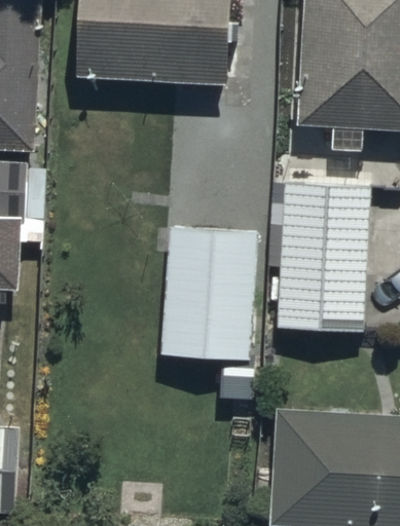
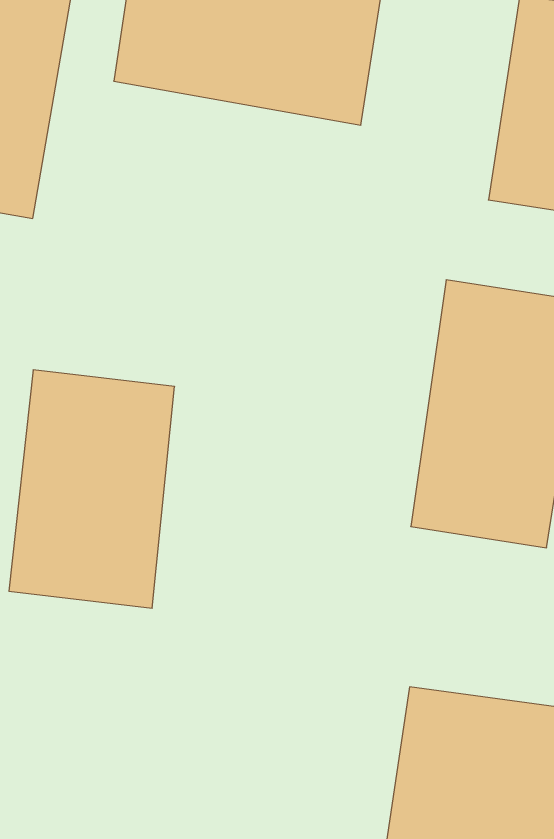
building: [162,219,249,352] -> [9,370,175,608]

